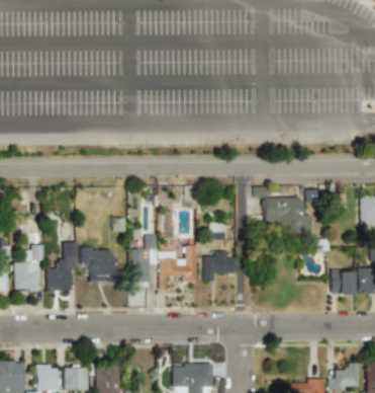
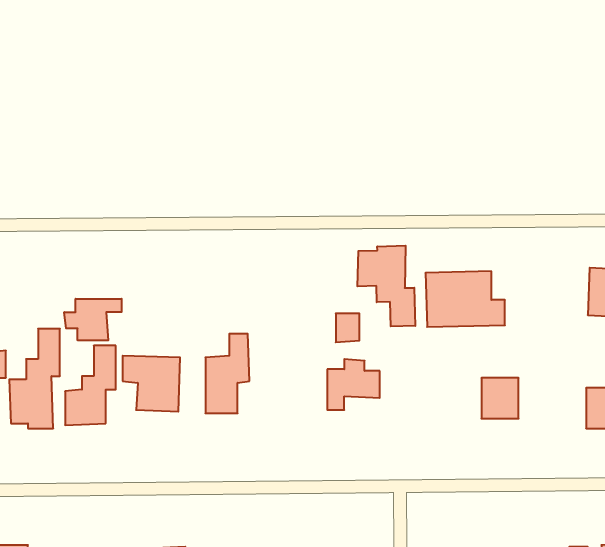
building: none -> [357,246,415,326]
building: none -> [64,299,122,340]
building: [159,245,195,290] -> none
building: [331,270,353,295] -> [481,378,519,419]

